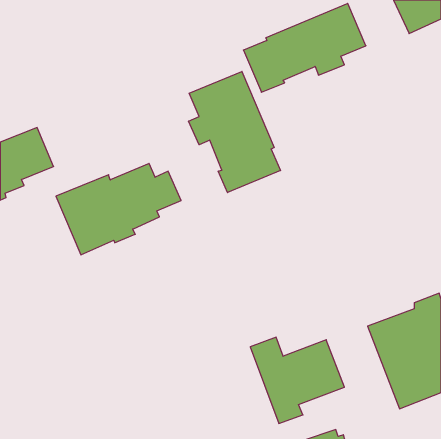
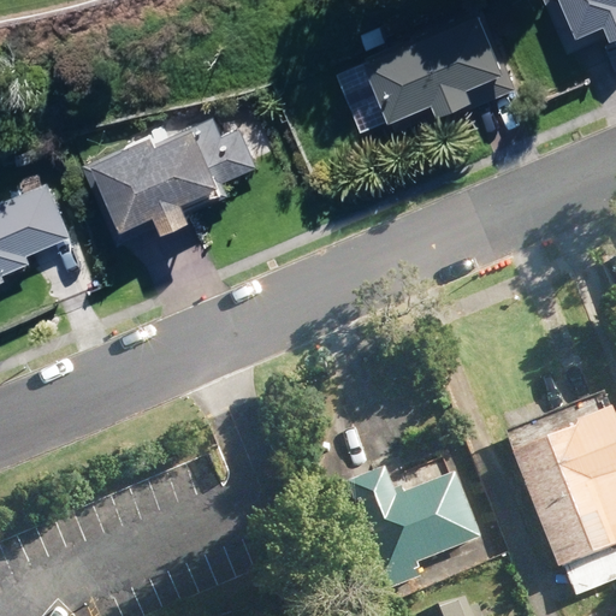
building: [189,71,280,193] -> none
building: [56,163,181,255] -> [88,114,262,242]

